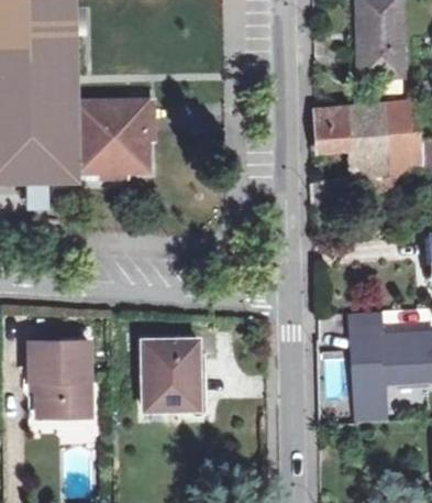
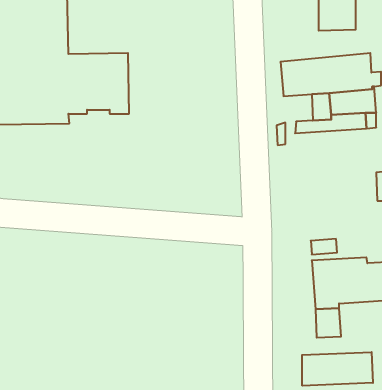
building: [144,340,199,408] -> none
building: [32,343,92,417] -> none
building: none -> [302,352,373,386]

